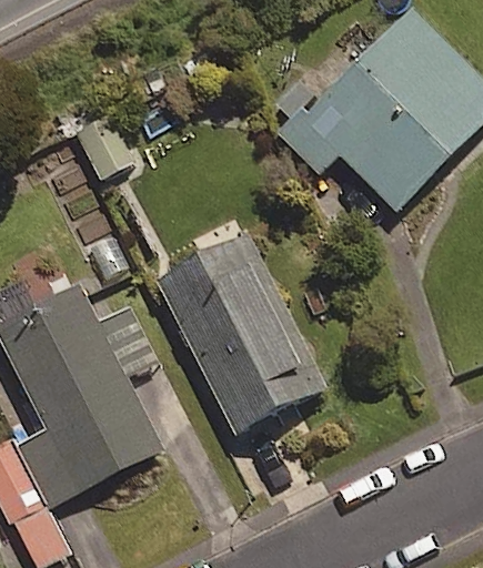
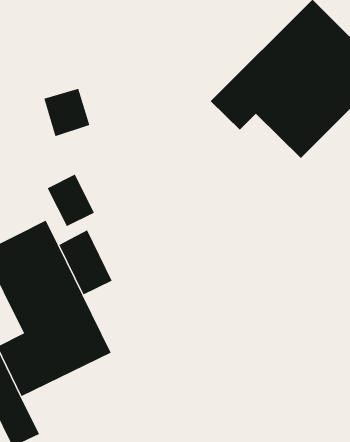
building: [157,231,323,430] -> none

